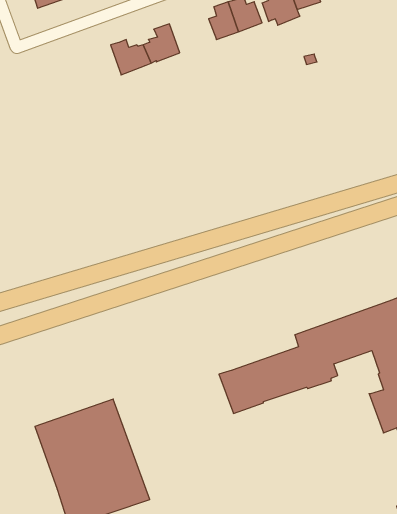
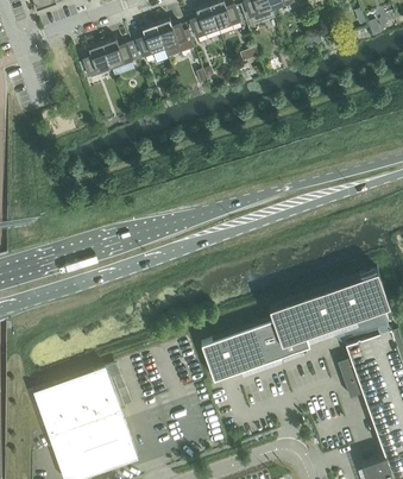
building: none -> [156,21,195,58]
building: none -> [78,44,112,80]

